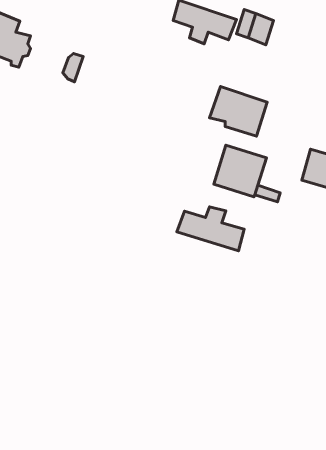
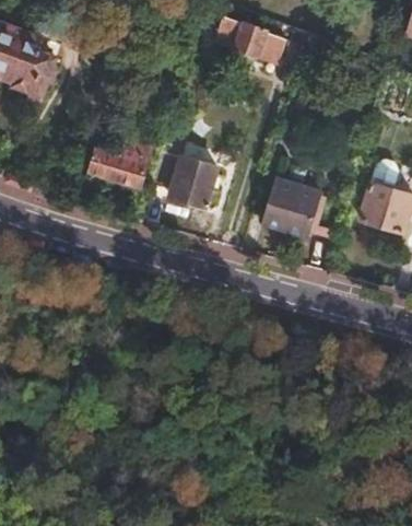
building: [210,87,267,136] -> [151,151,215,207]
building: none -> [87,138,153,187]
building: [177,207,244,251] -> none

